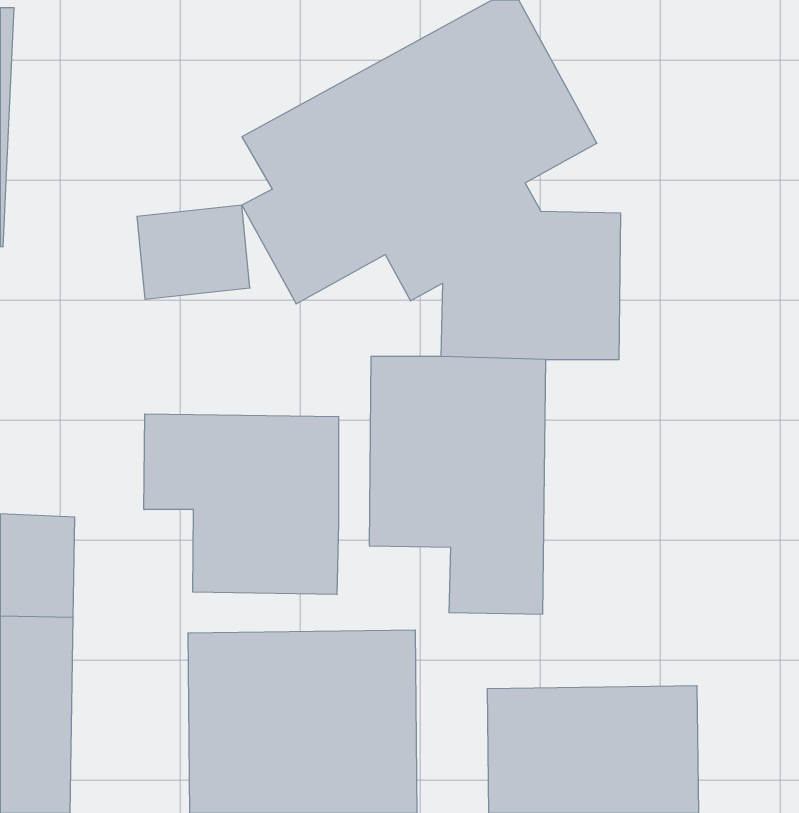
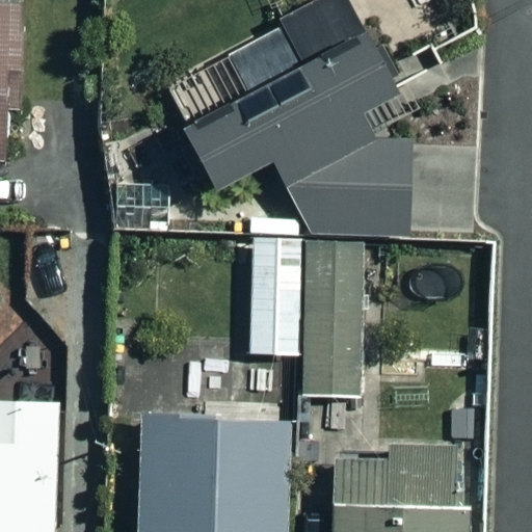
building: [144,414,339,595] -> none

